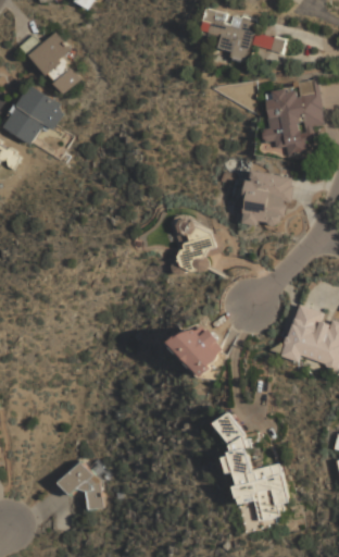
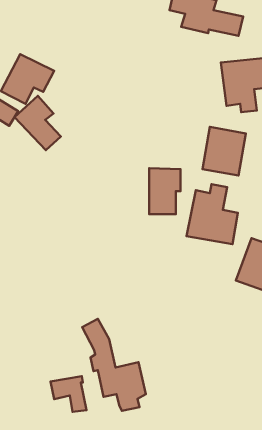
building: [27,30,81,95] -> [15,96,61,150]
building: none -> [187,184,238,244]
building: [174,322,225,375] -> none
building: [214,411,289,520] -> [82,319,146,411]

